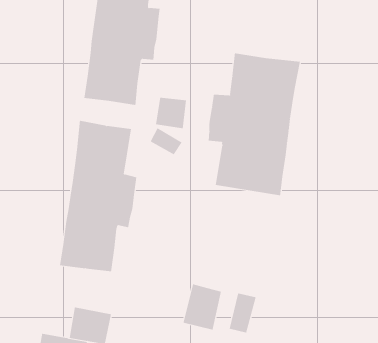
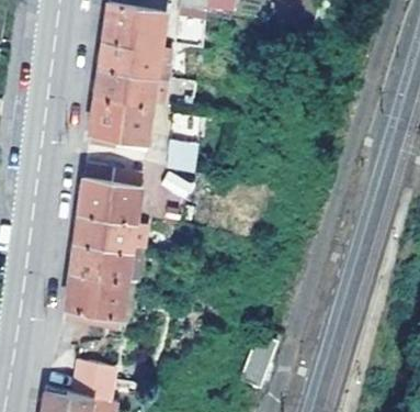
building: [208,53,300,196] -> none
building: [183,283,222,330] -> none

